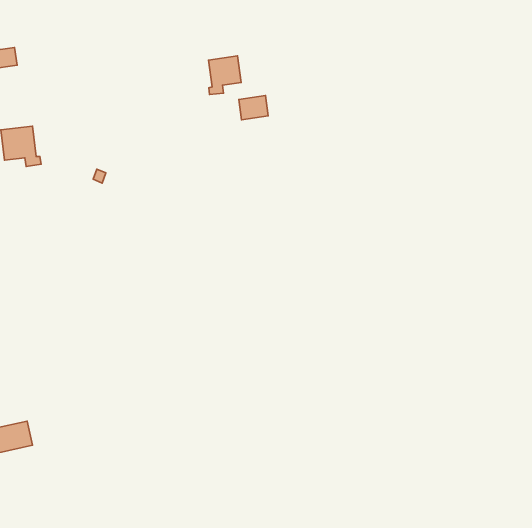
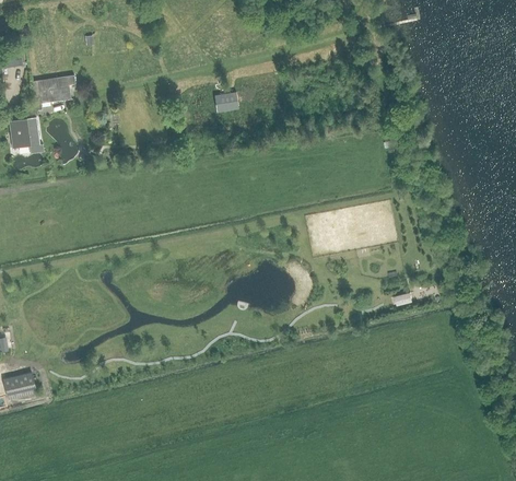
building: [208,56,241,94] -> none
building: none -> [32,74,74,107]

